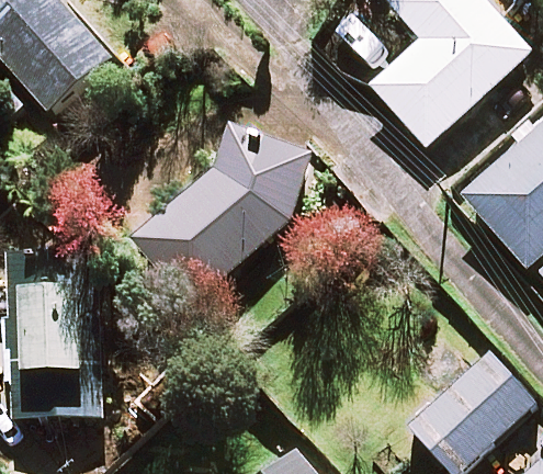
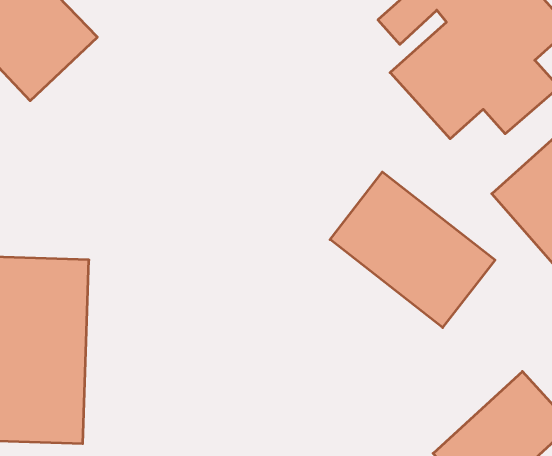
building: [134,124,313,306] -> none
building: none -> [330,172,495,328]

